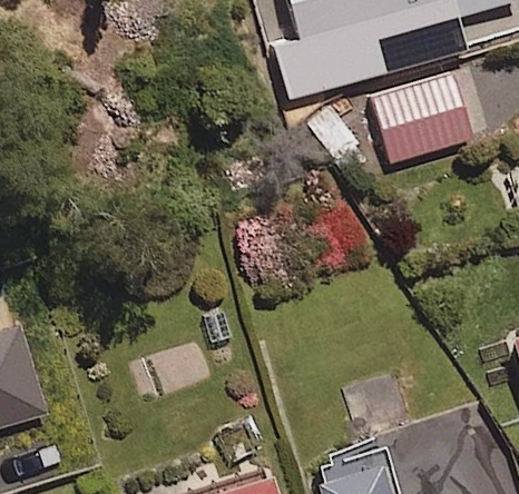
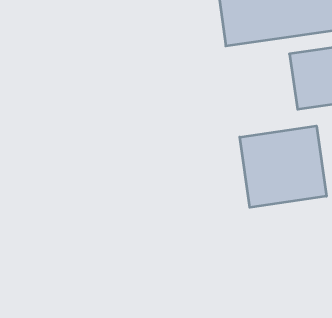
building: none -> [240,126,326,207]

